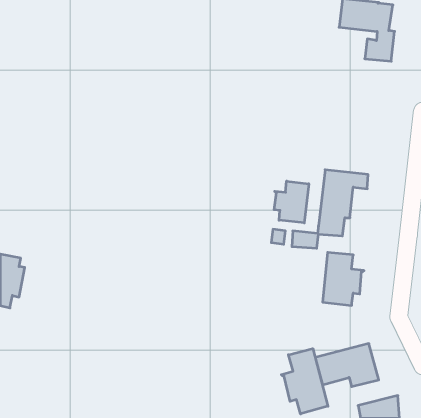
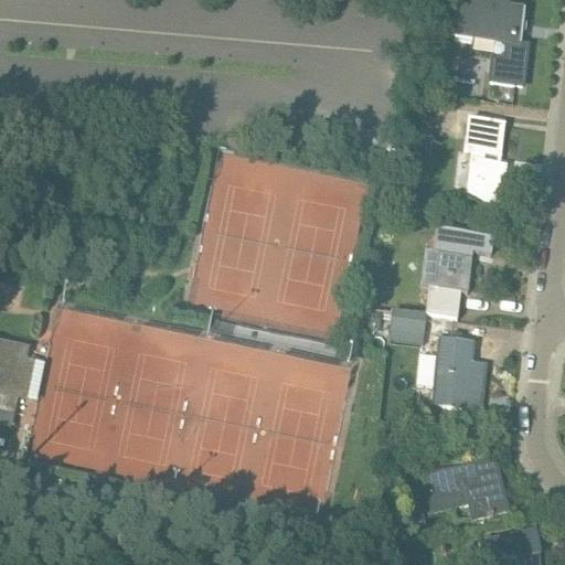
building: none -> [465,116,508,196]
building: [274,181,309,223] -> none
building: [281,349,328,414] -> none

